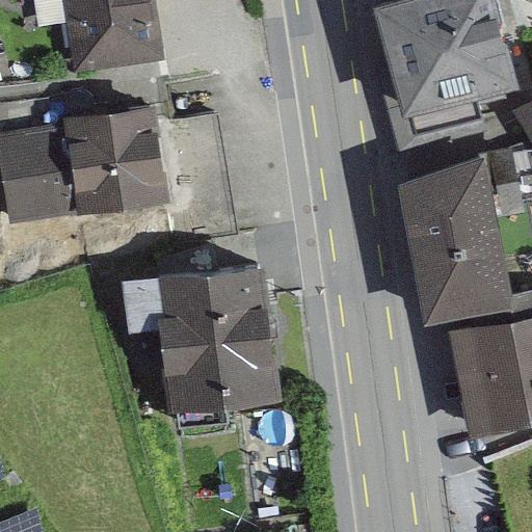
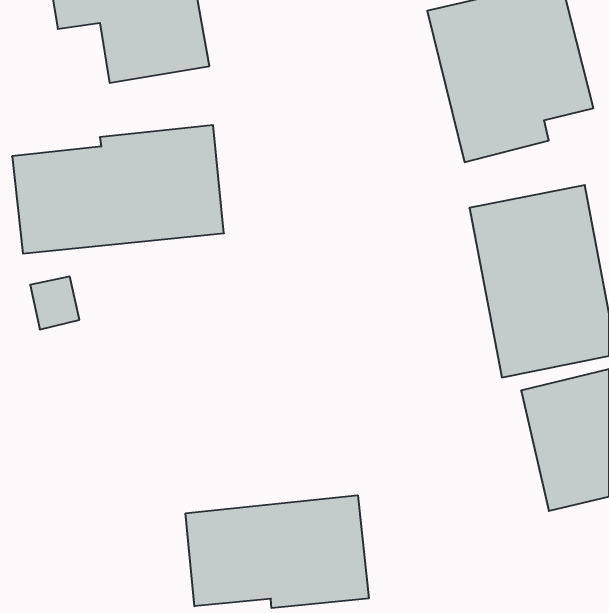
building: [122,267,274,416] -> none
building: none -> [186,495,369,608]

